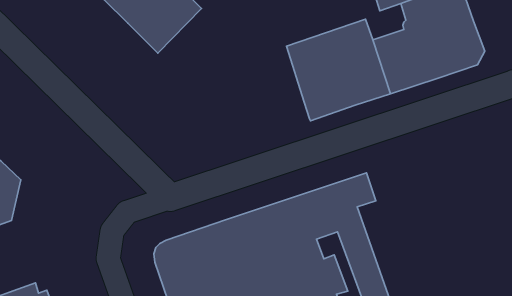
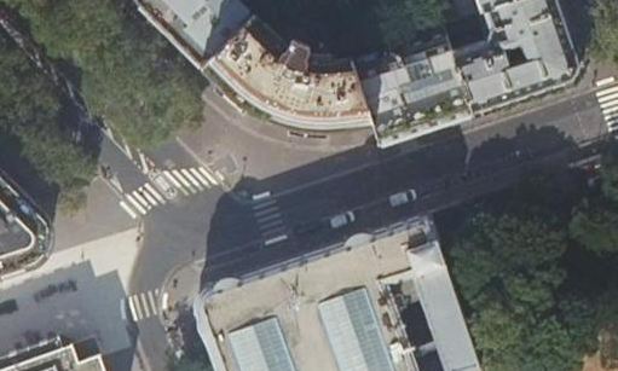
building: none -> [198,17,369,132]

